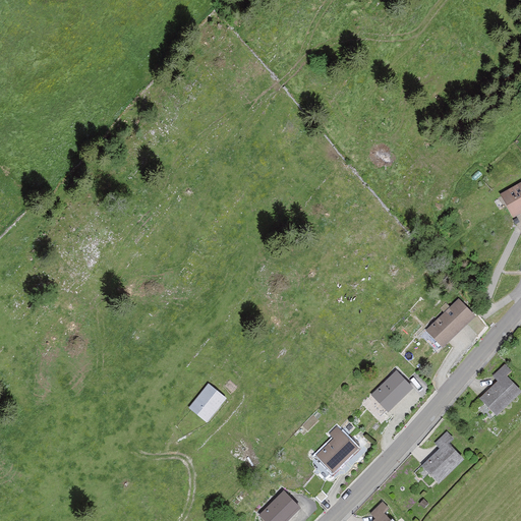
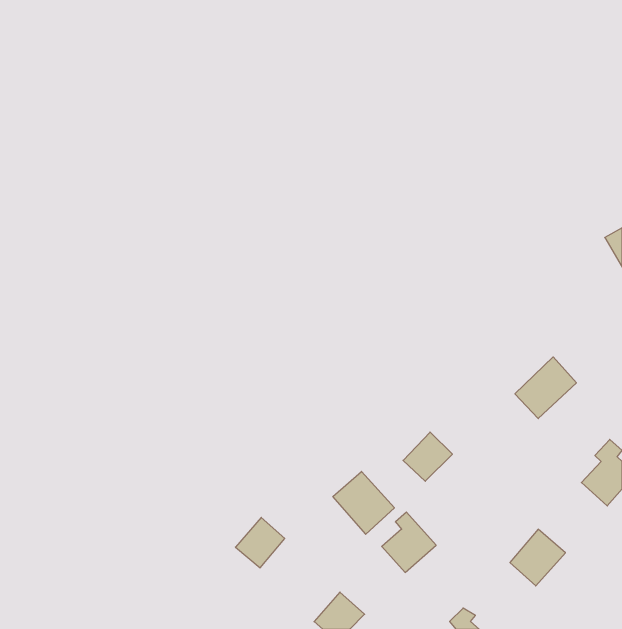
building: [369,370,410,411] -> [403,432,452,481]
building: [186,382,227,423] -> [235,517,285,568]
building: none -> [333,471,394,534]

